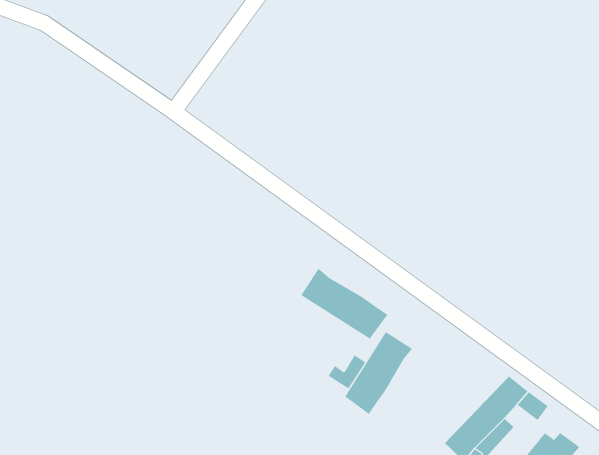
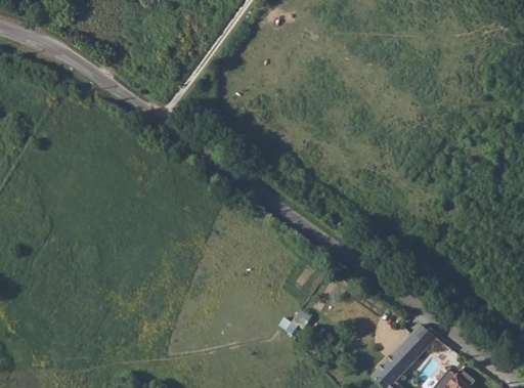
building: [300,268,388,339] -> none
building: [345,331,413,415] -> none

